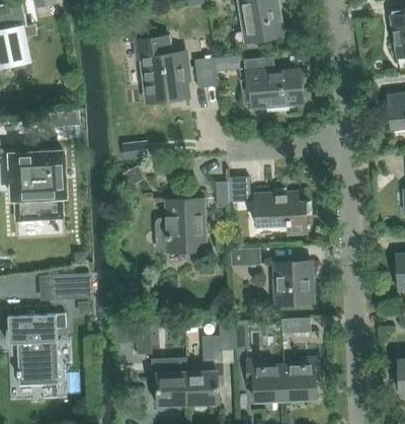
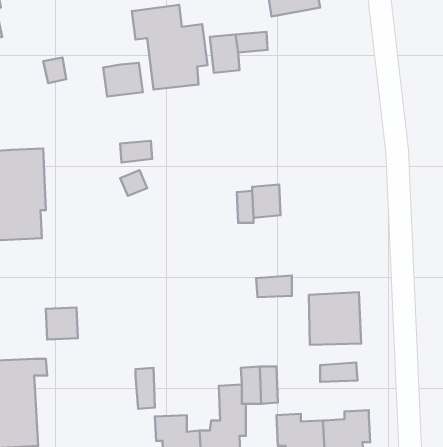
building: [244,57,300,107] -> none
building: none -> [103,63,143,97]
building: [255,193,306,232] -> none
building: [154,199,206,254] -> none

